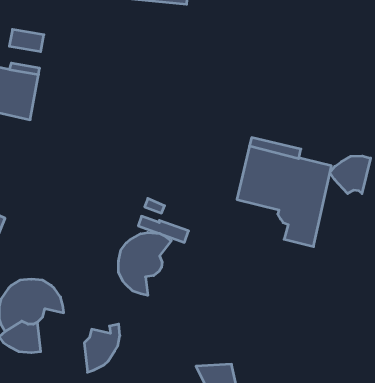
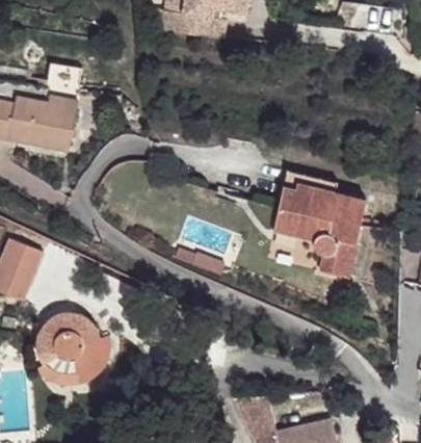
building: [330,156,371,194] -> none
building: [119,232,171,295] -> none
building: [84,324,120,372] -> [76,335,111,383]

